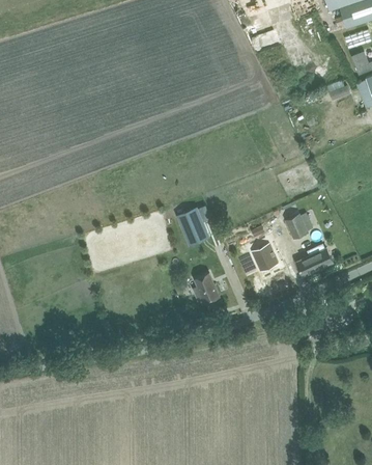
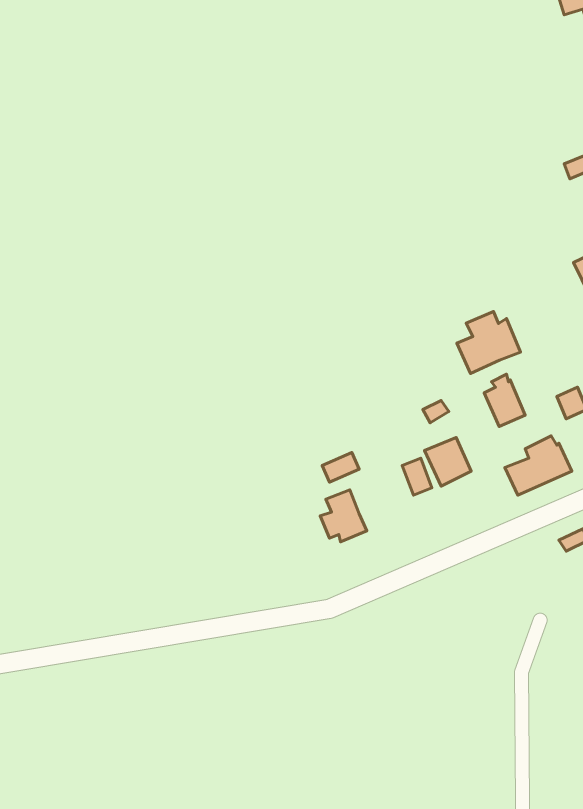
building: none -> [457,312,520,373]
building: [178,208,209,245] -> none

